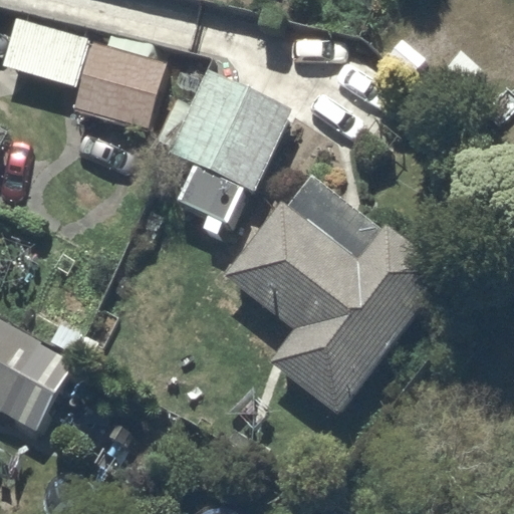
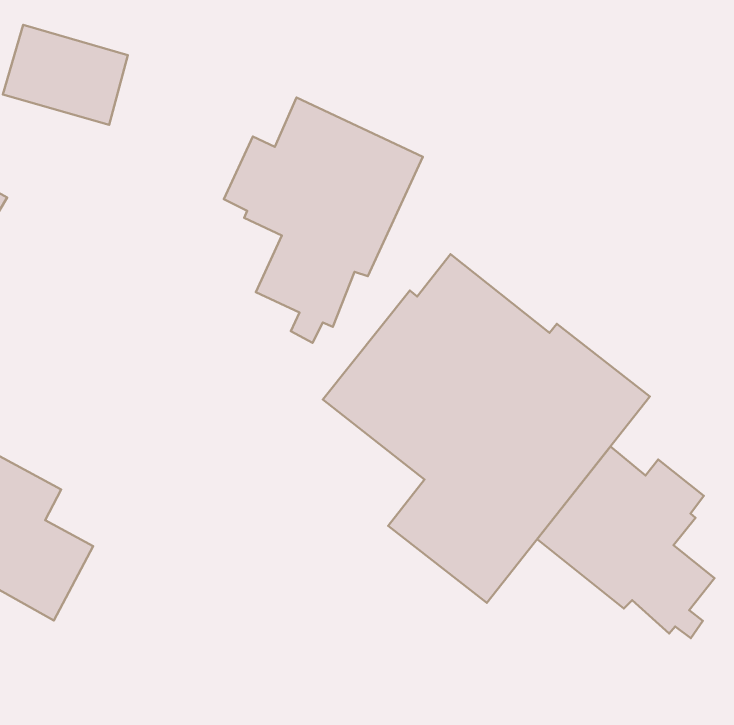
building: [70,29,166,131] -> none
building: none -> [537,446,714,638]

